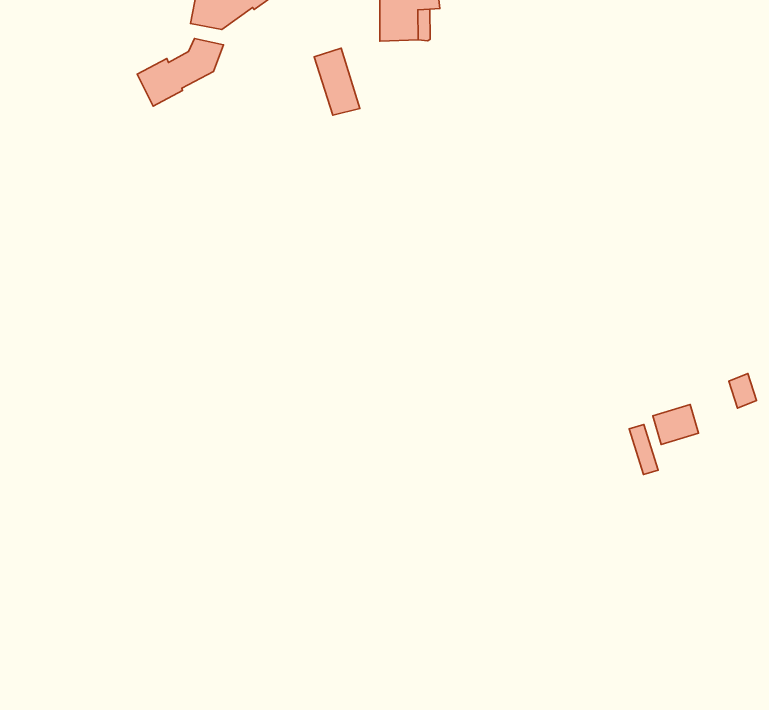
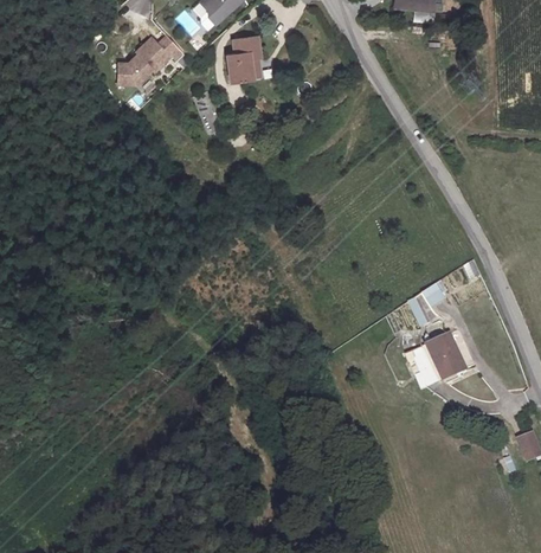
building: [137,38,223,106] -> none
building: none -> [429,330,466,375]

